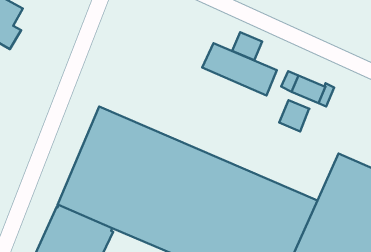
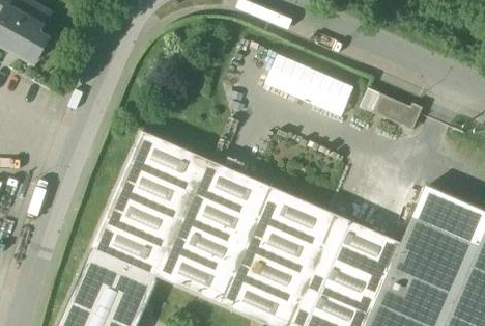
building: [232,32,262,60] -> none
building: [279,100,310,131] -> none

